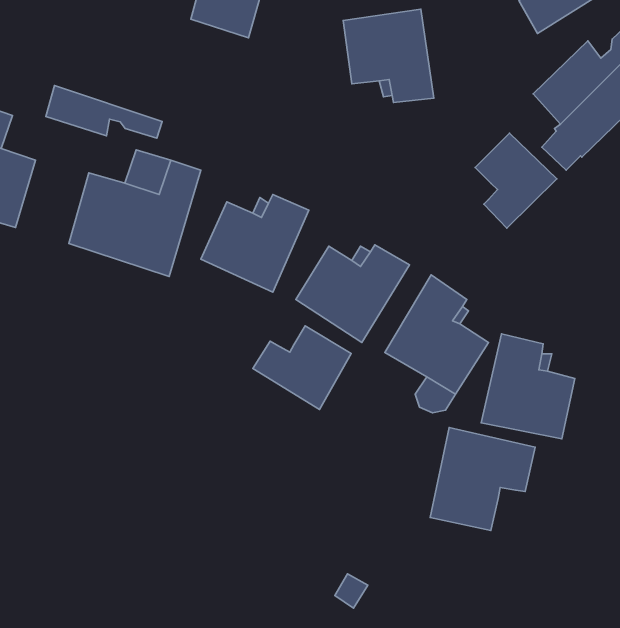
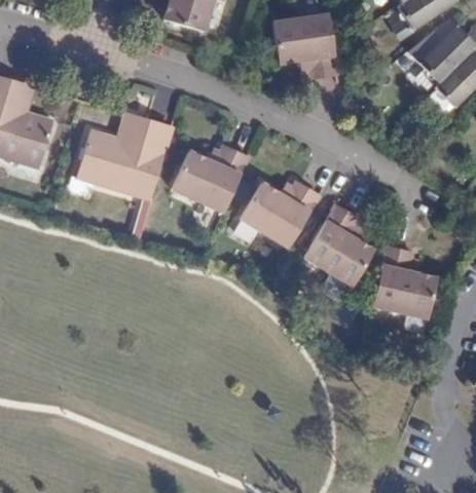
building: [46,86,162,138] -> none
building: [475,133,557,228] -> none
building: [253,326,351,409] -> none
building: [430,428,535,531] -> none

